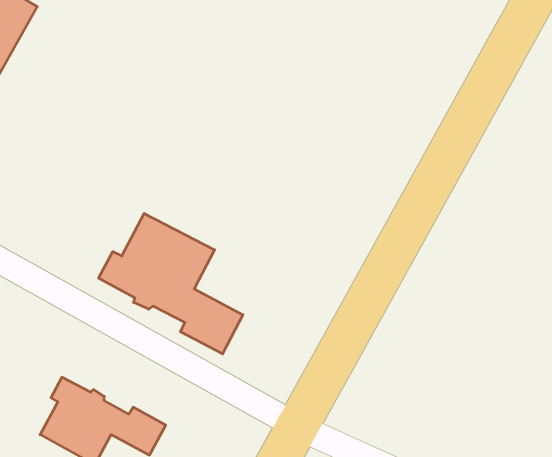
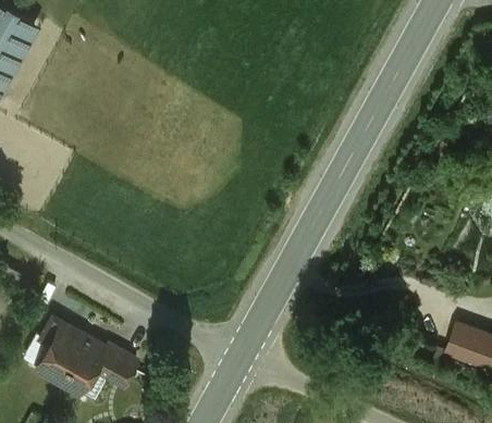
building: [99,213,243,354] -> none

